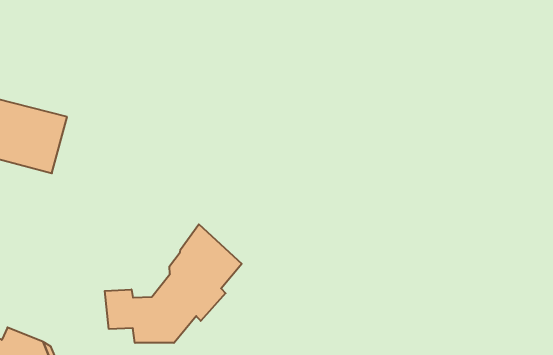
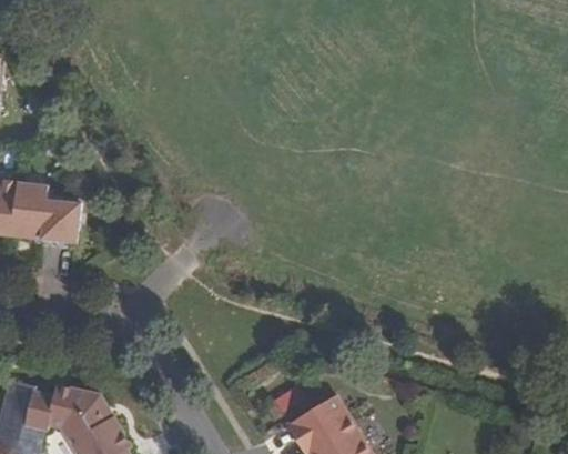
building: [105,224,242,343] -> none

